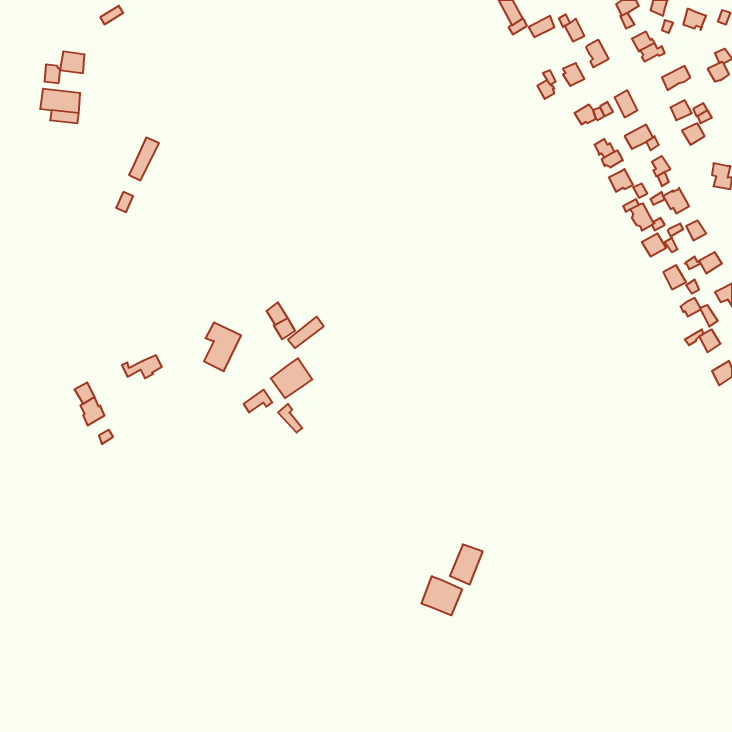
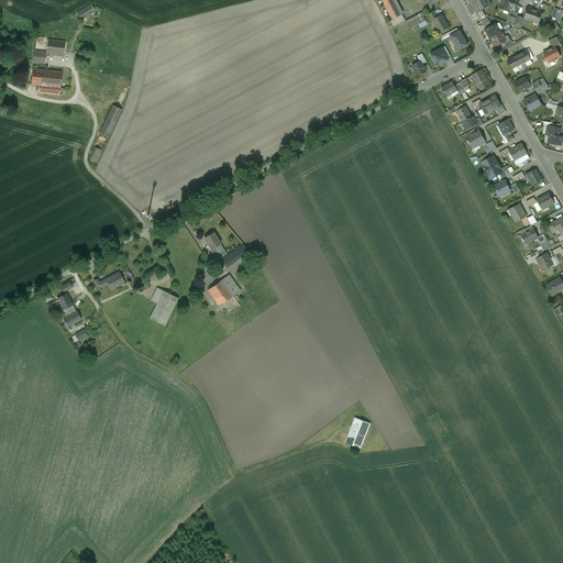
building: [204,322,241,371] -> [150,288,178,325]
building: [421,576,462,615] -> none

